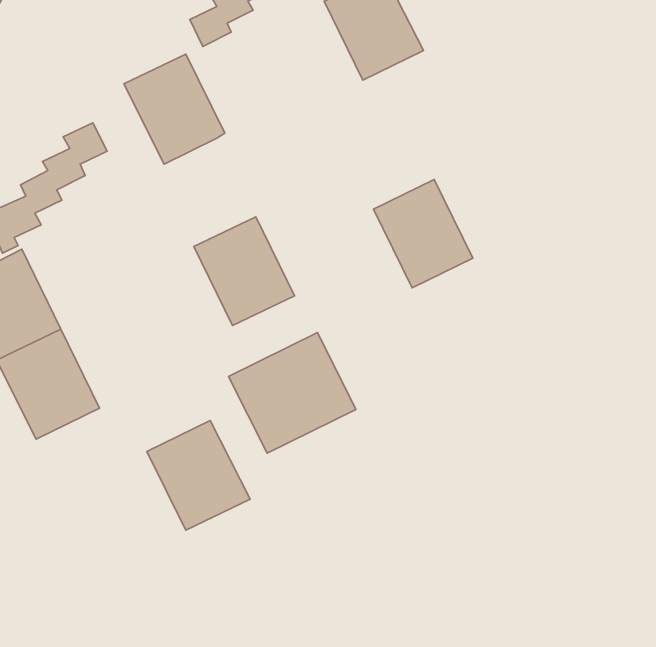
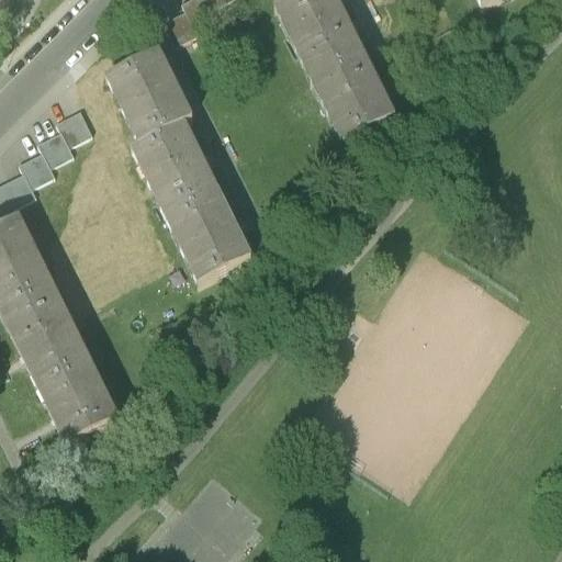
building: none -> [131,117,217,210]
building: [373,179,473,288] -> [308,43,393,135]
building: [228,333,356,453] -> none
building: [147,420,250,530] -> [31,347,119,440]

